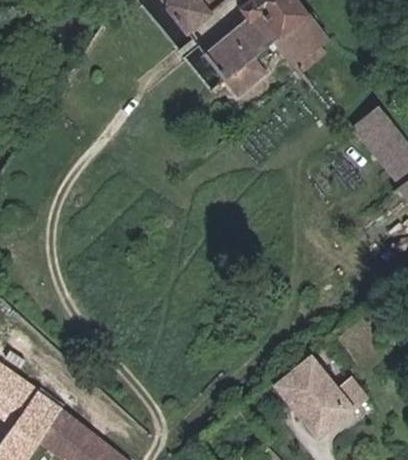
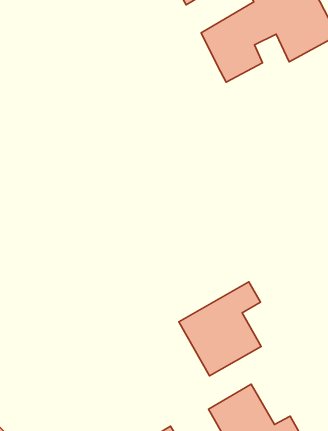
building: none -> [179,282,261,376]

